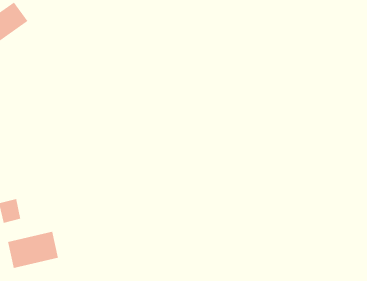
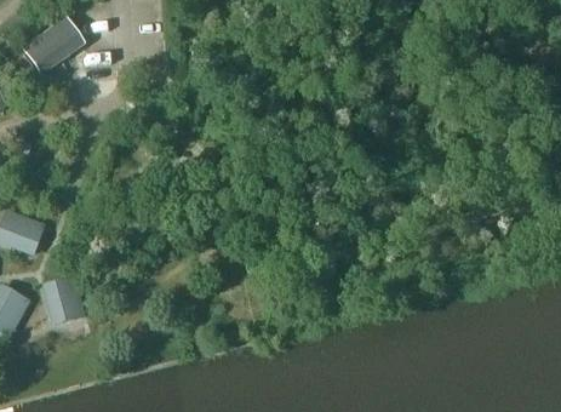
building: [7,231,59,269] -> none

